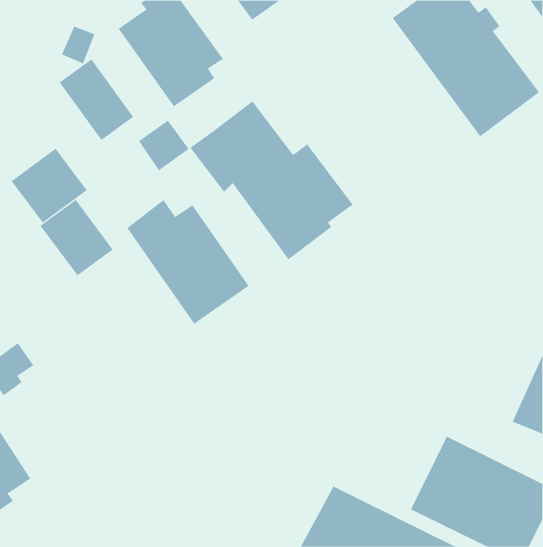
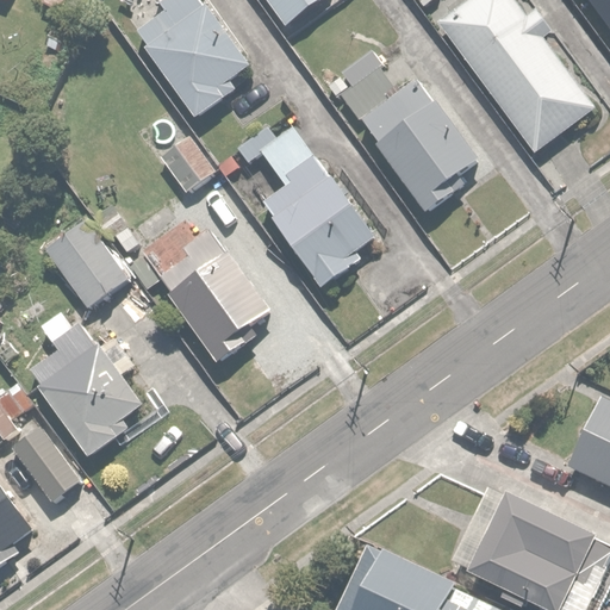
building: none -> [328,35,491,213]
building: [59,58,134,141] -> none
building: [11,148,87,223] -> none
building: none -> [26,309,142,454]
building: none -> [11,425,81,502]

